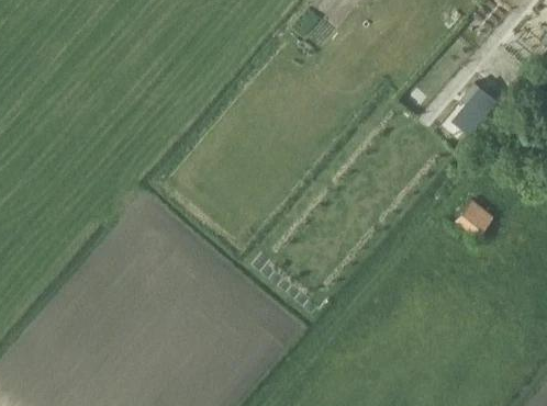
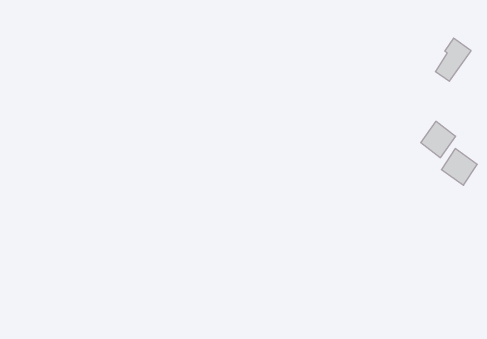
building: none -> [421,121,456,158]

